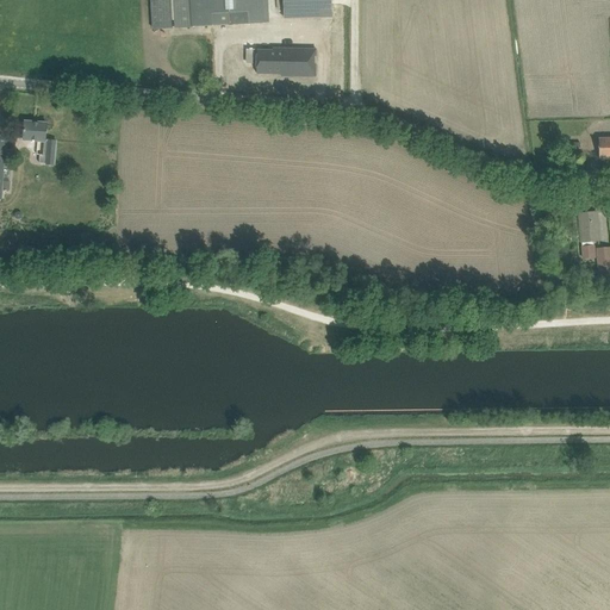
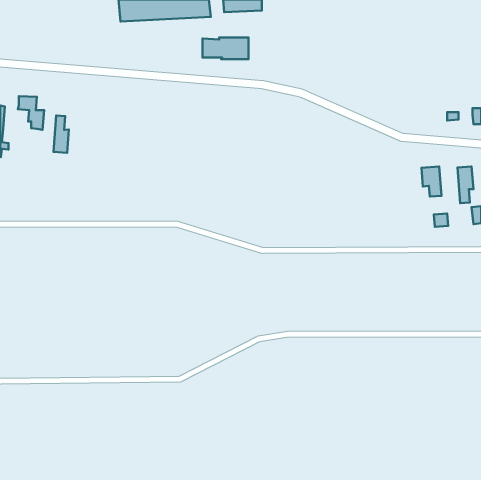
building: none -> [53,115,69,153]
building: none -> [422,166,441,197]

